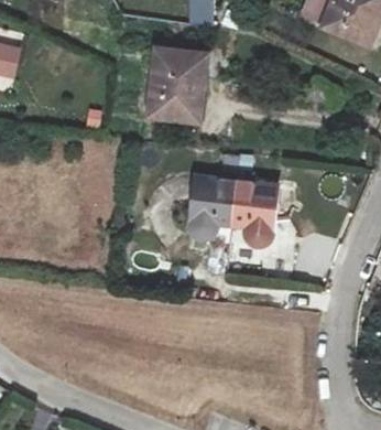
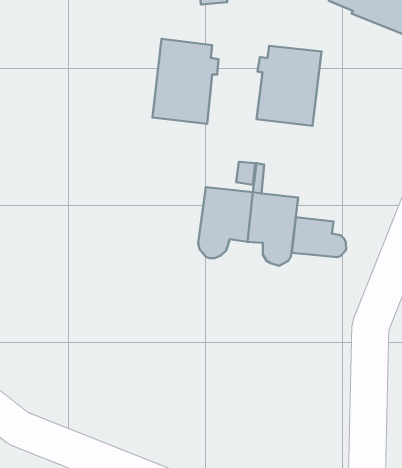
building: none -> [257,46,321,126]
building: none -> [292,217,346,257]

